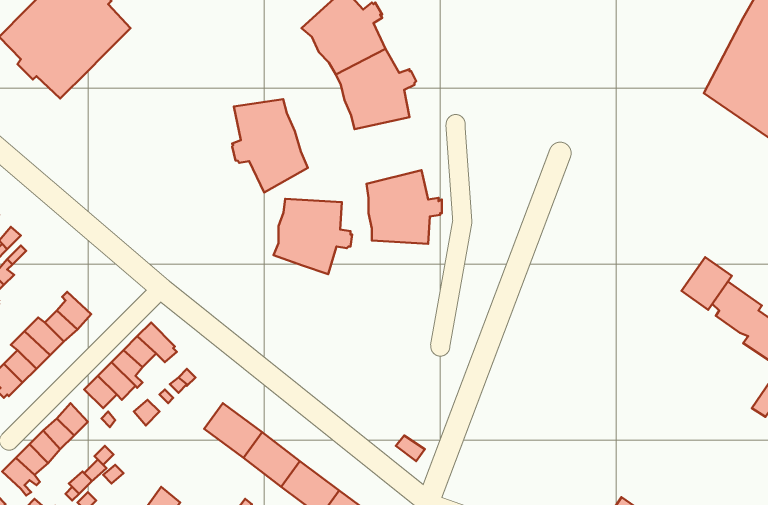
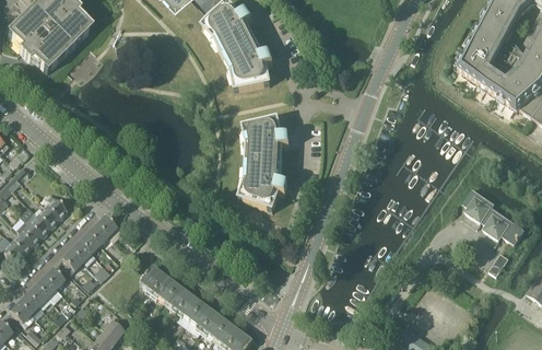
building: [232,99,308,192] -> none
building: [273,199,352,274] -> [238,162,288,210]
building: [681,257,732,310] -> none

